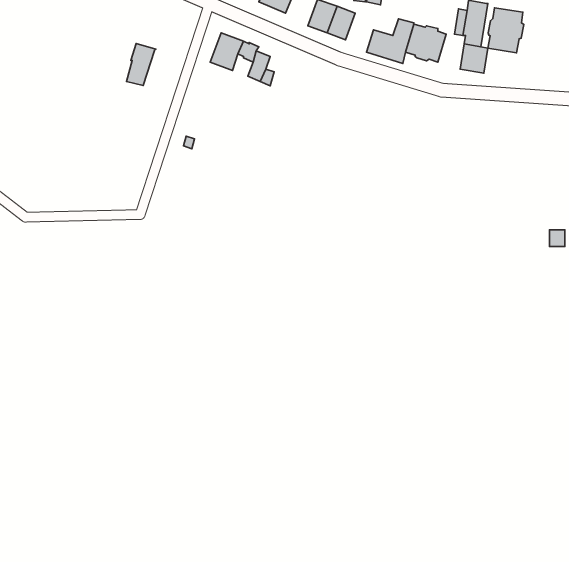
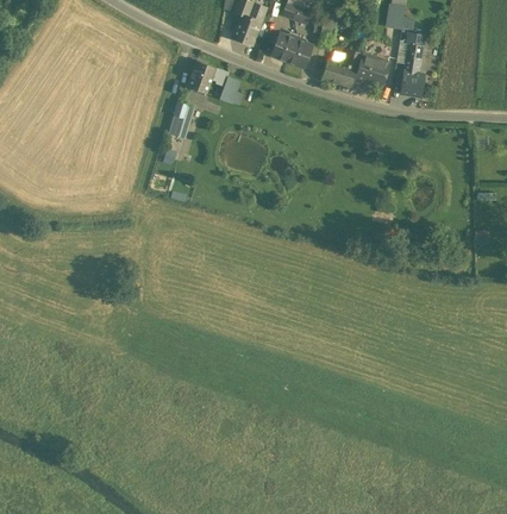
building: [488,8,524,53] -> none
building: [127,44,156,86] -> [169,101,194,137]

